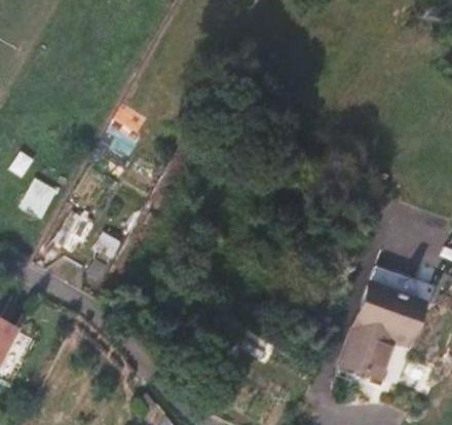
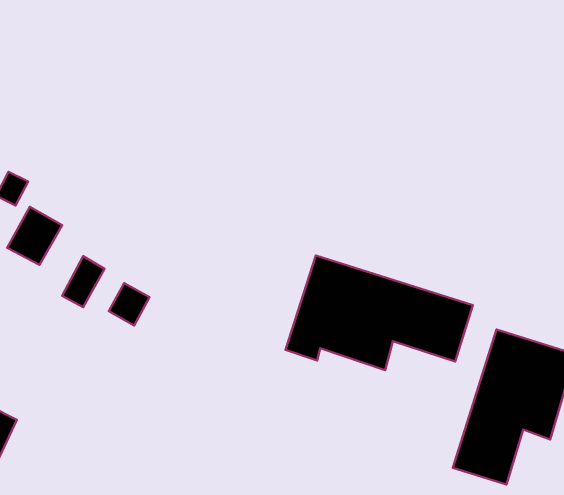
building: none -> [285,256,473,370]

